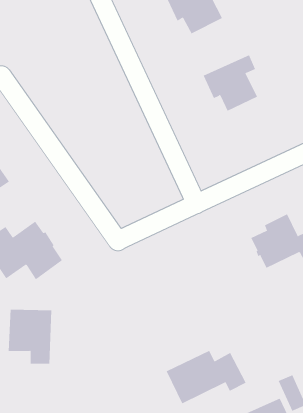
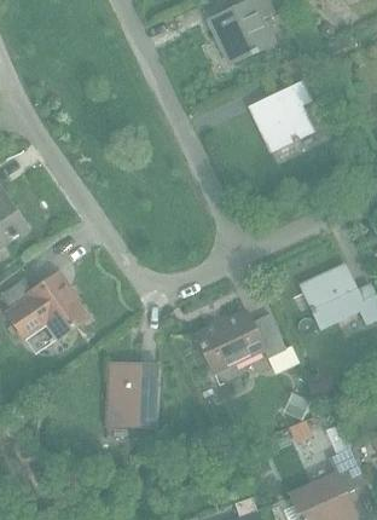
building: [8,309,52,364] -> [108,363,158,426]
building: [166,350,246,404] -> [197,310,289,371]

